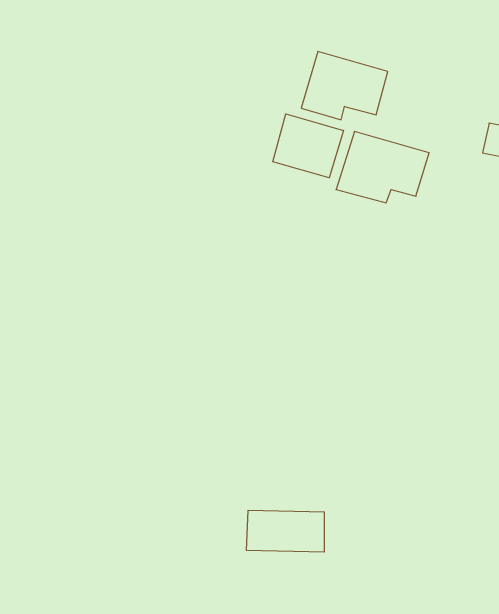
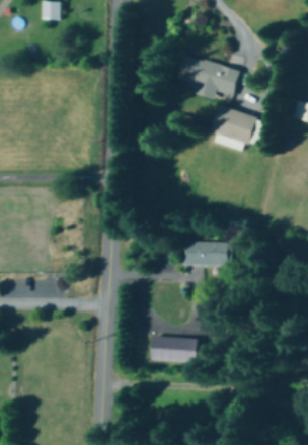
building: [273,114,343,178] -> none
building: none -> [185,241,232,266]

